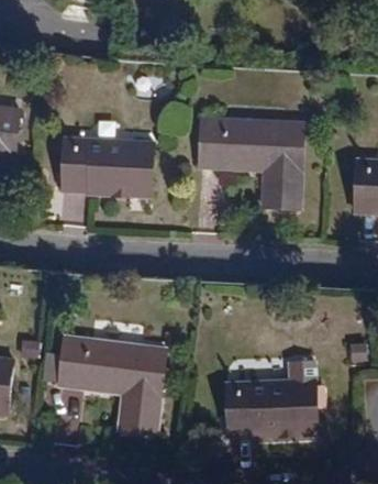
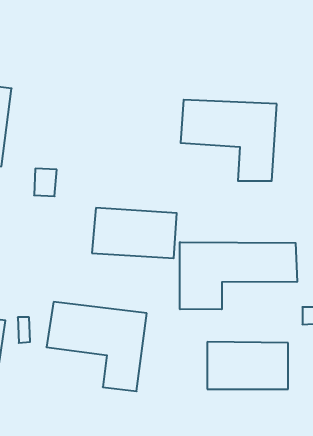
building: [62,141,153,195] -> [92,208,177,258]
building: none -> [180,242,297,309]

